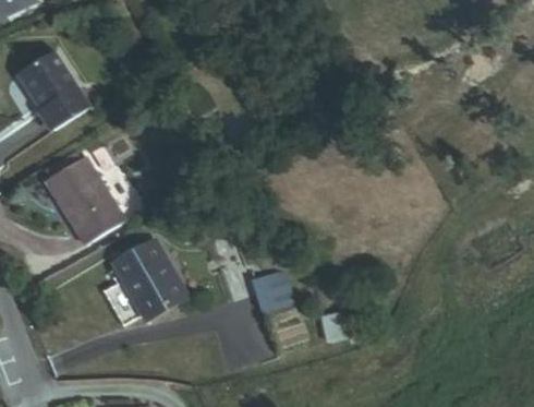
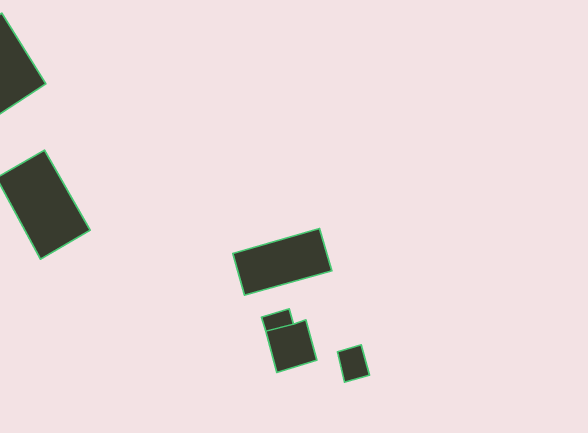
building: none -> [233,229,332,295]
building: [108,236,184,318] -> none

